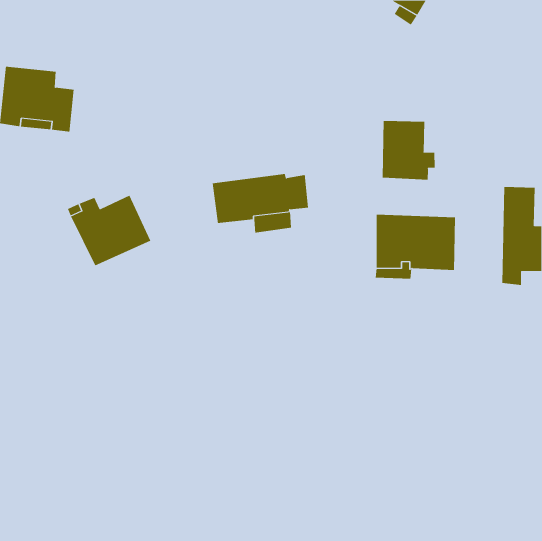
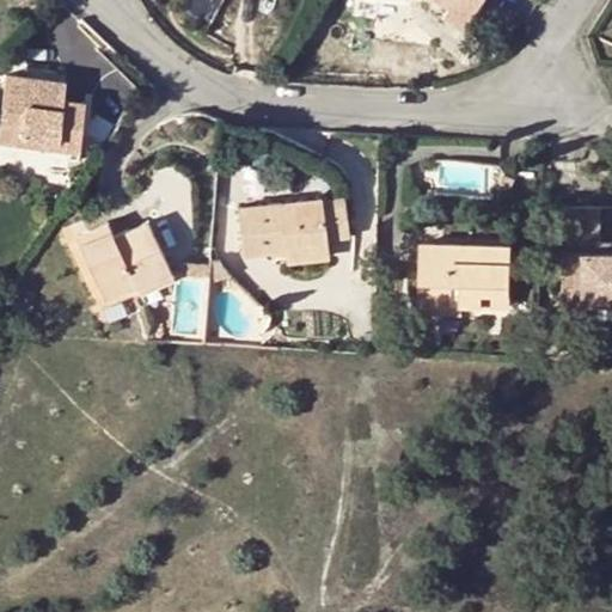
building: [382,120,435,180] -> none

